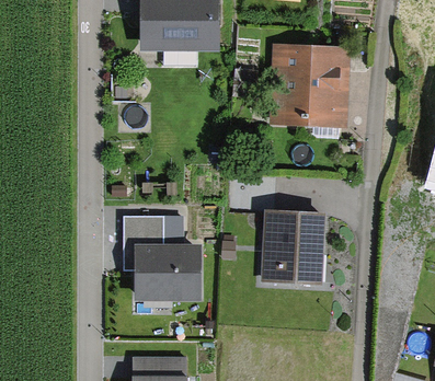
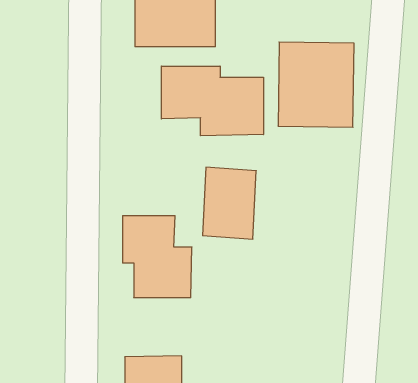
building: none -> [161,66,263,136]
building: [263,209,316,279] -> [203,167,256,239]

